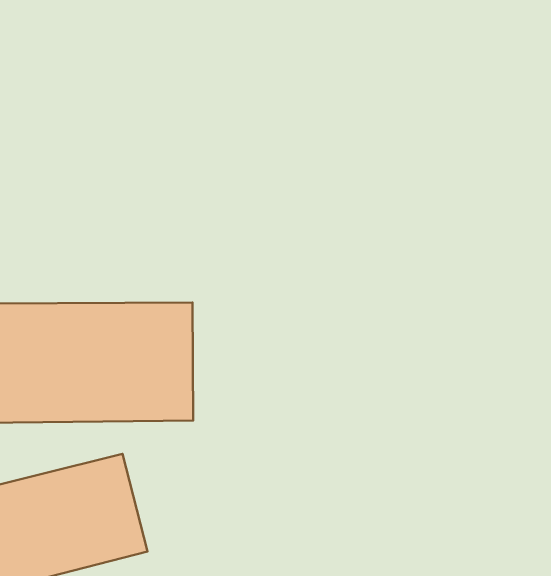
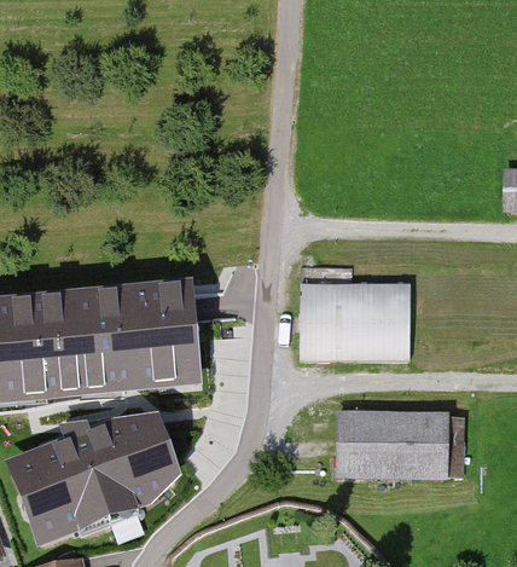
building: none -> [298,279,409,355]
building: none -> [336,410,447,473]

